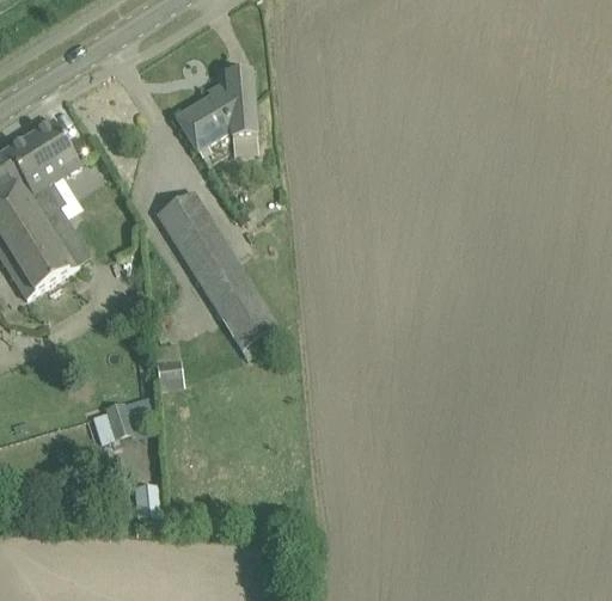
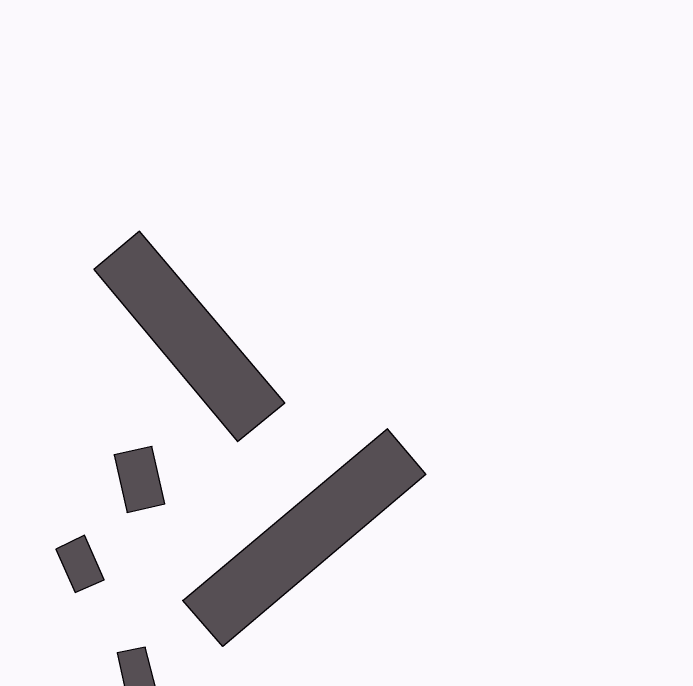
building: [176,69,256,149] -> none
building: none -> [183,429,426,646]

